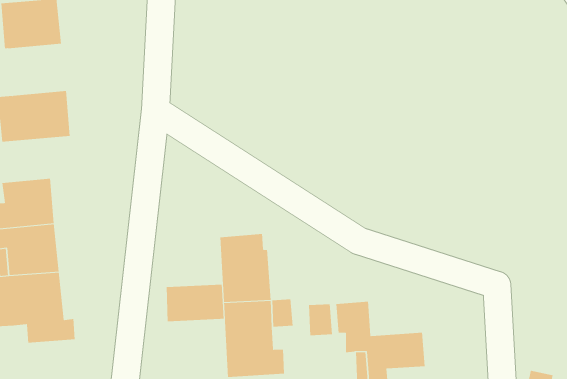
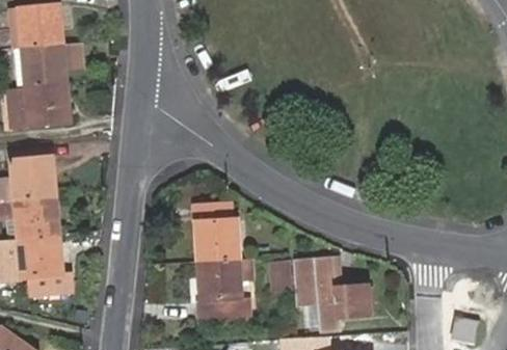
building: none -> [17,43,66,86]
building: [166,284,224,322] -> none

